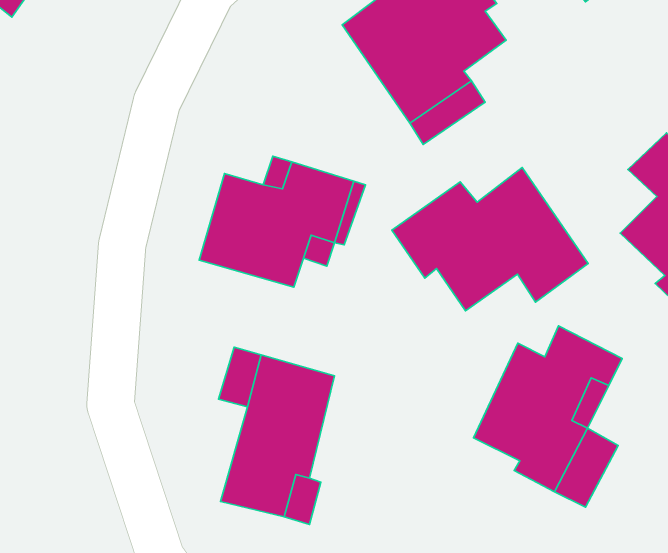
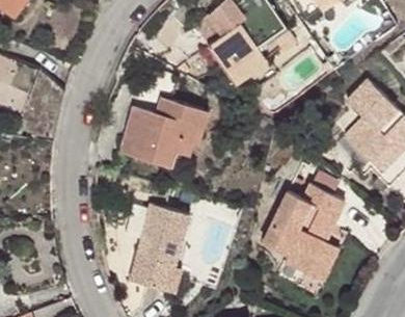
building: [392,168,588,311] -> none

